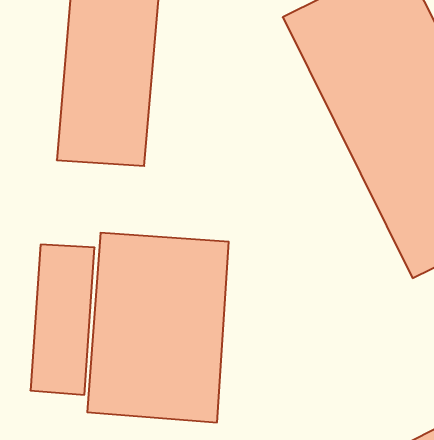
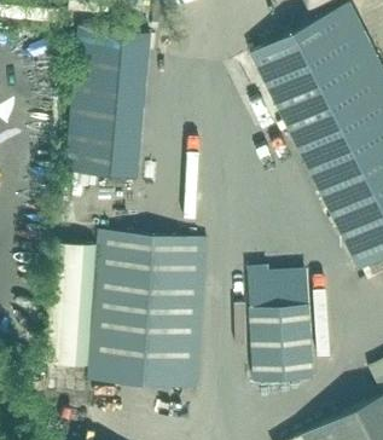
building: none -> [248,268,313,381]

